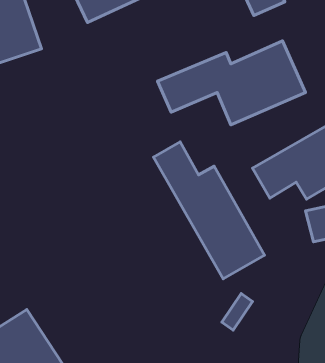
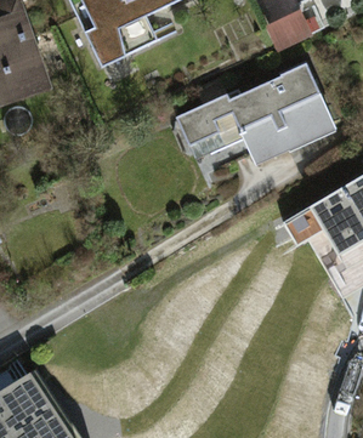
building: [153,142,264,279] -> none

